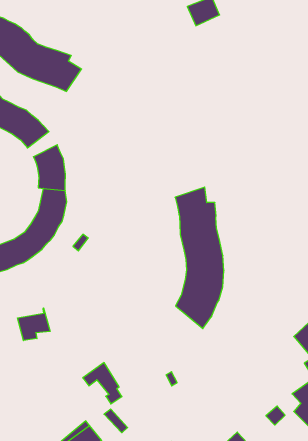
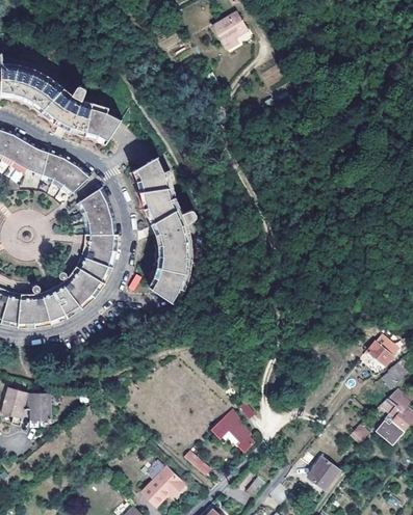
building: [175,187,224,329] -> [133,158,195,303]
building: [18,308,50,341] -> none
building: [83,363,122,404] -> [212,410,255,452]

